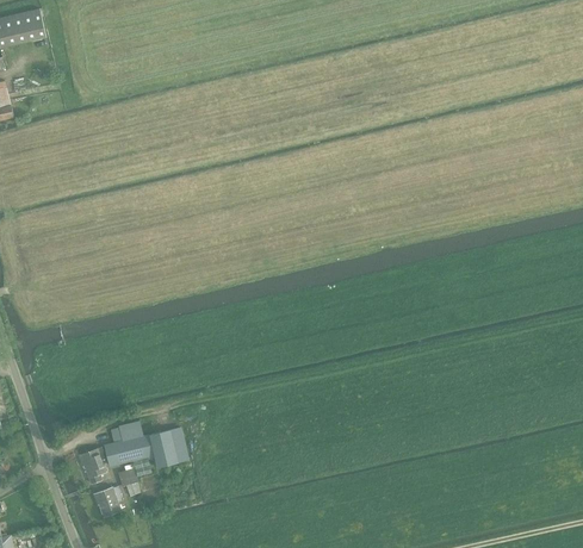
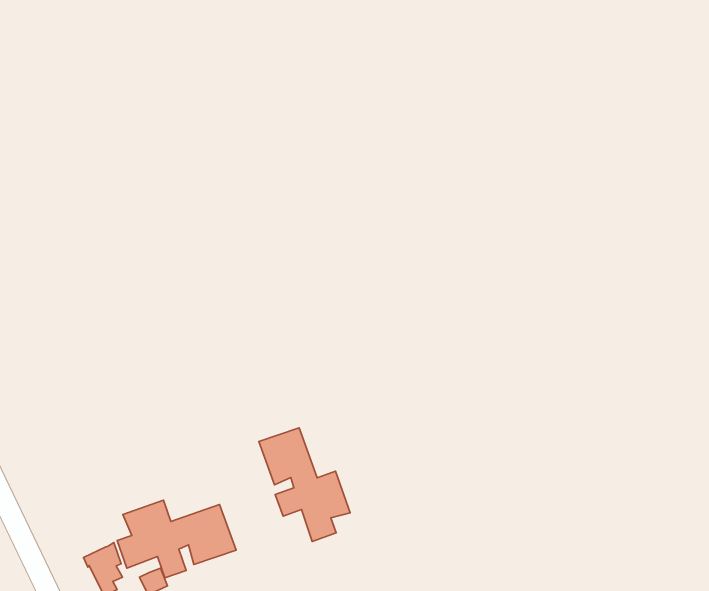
building: none -> [259,428,350,541]

